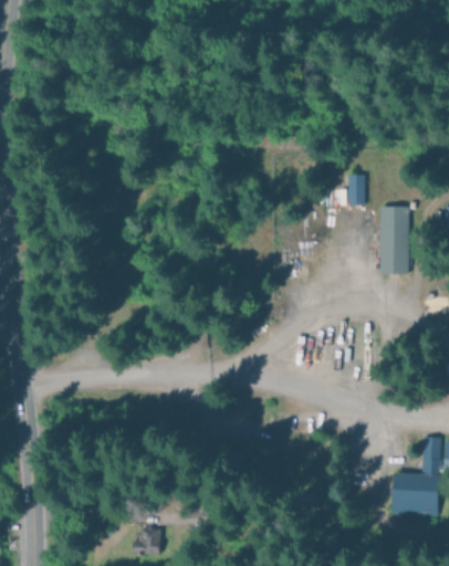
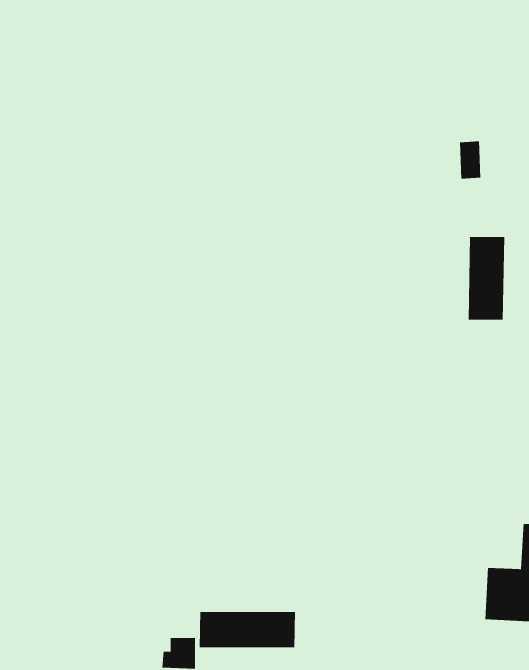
building: [347,174,365,205] -> [459,141,481,179]
building: none -> [199,611,296,648]

